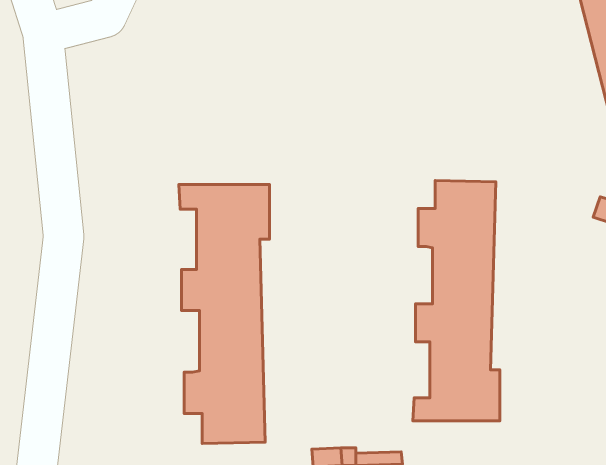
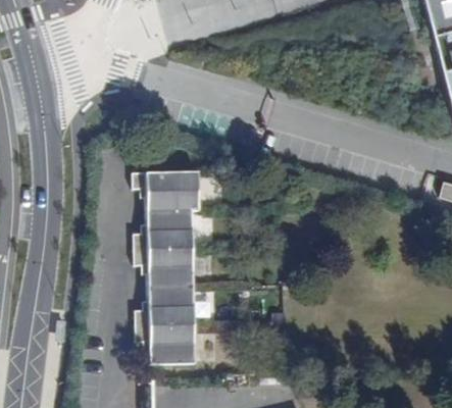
building: [413,181,500,421] -> none

